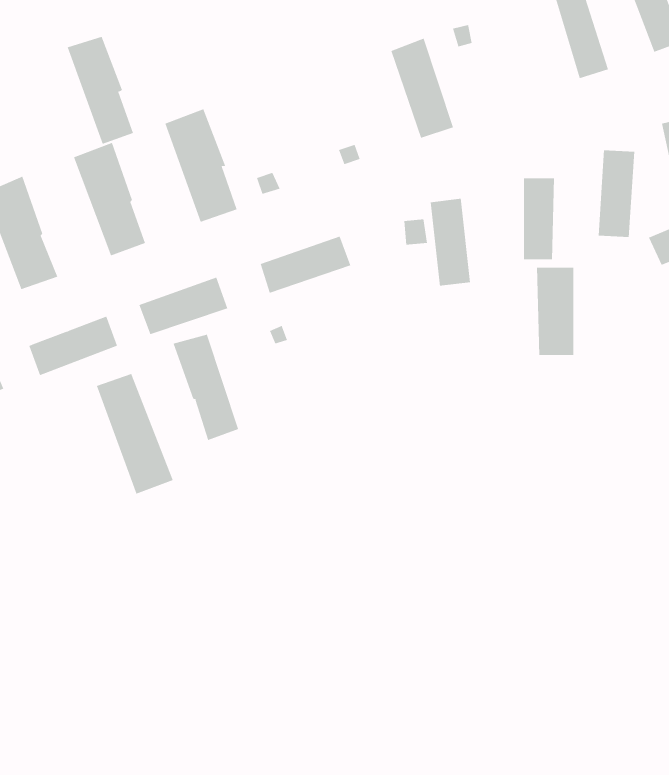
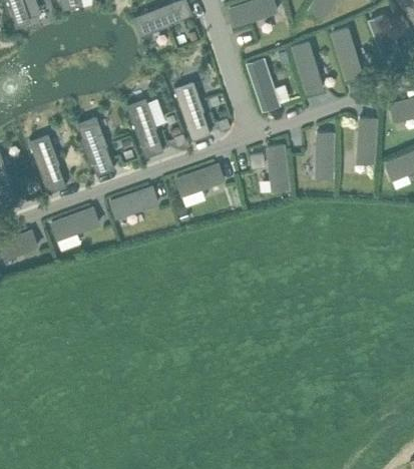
building: none -> [293,42,323,92]
building: [67,36,134,144] -> [174,82,211,140]
building: [537,267,574,356] -> none
building: [173,334,239,441] -> none
building: [96,373,173,494] -> none

